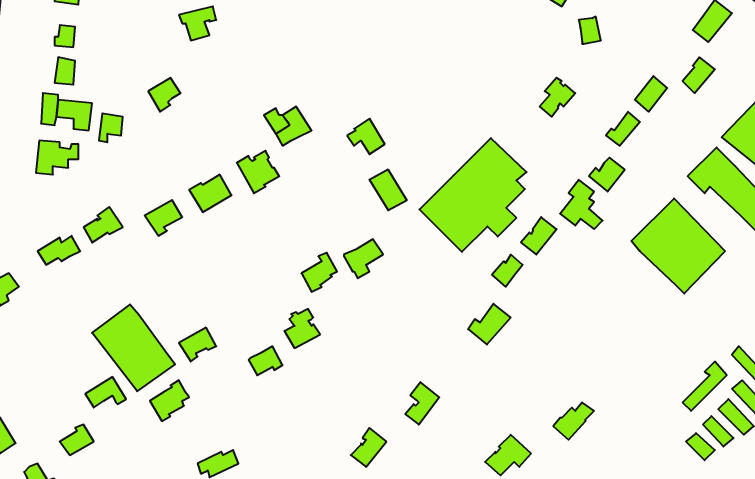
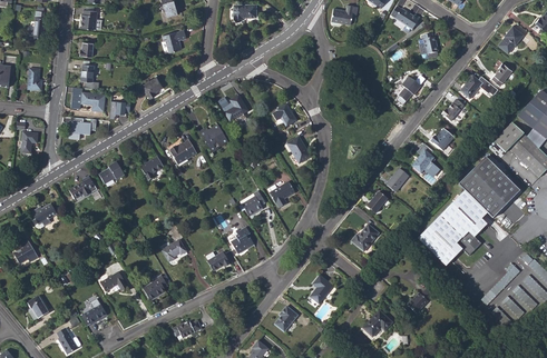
building: [419,138,527,252] -> [417,190,487,265]
building: [92,304,175,391] -> none

